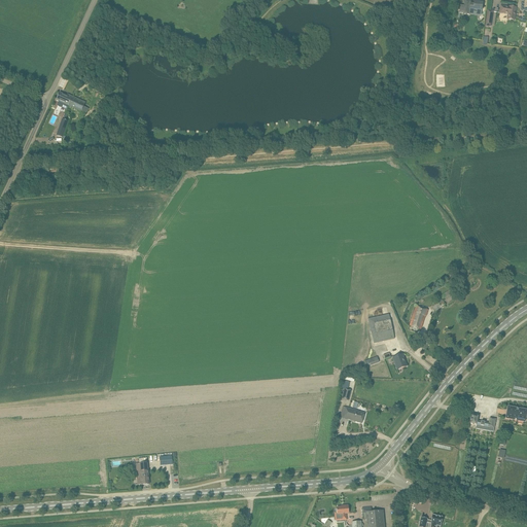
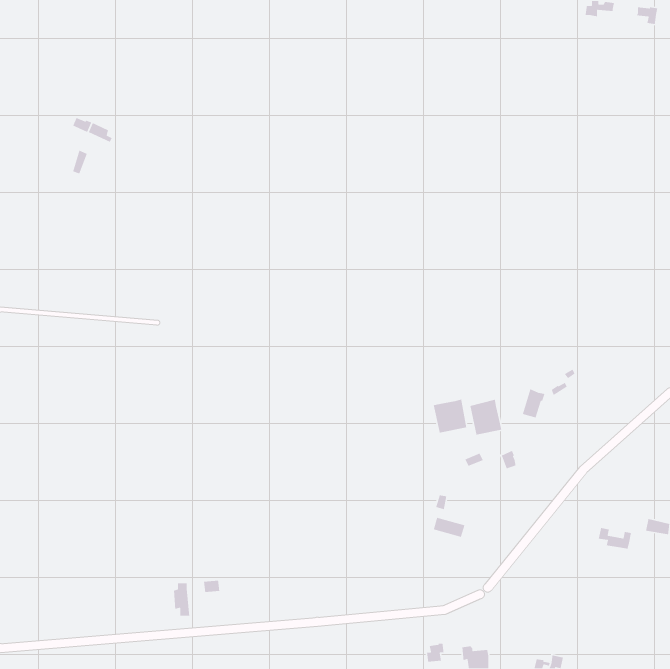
building: none -> [433,399,467,433]

